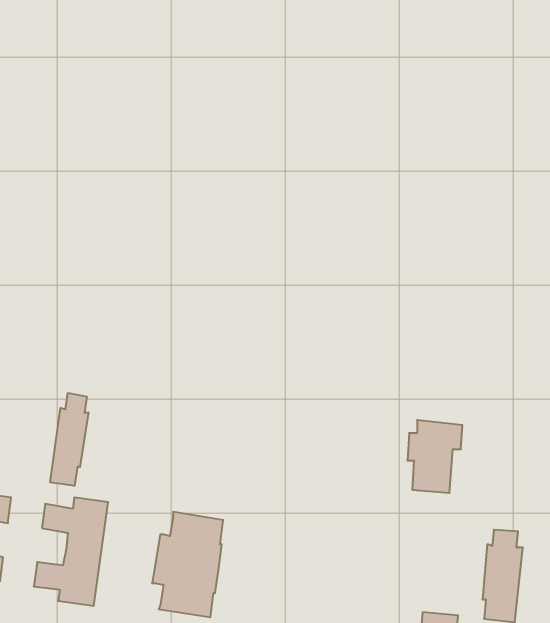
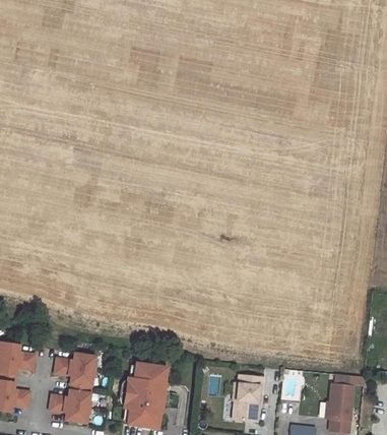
building: [50,393,88,486] -> none
building: [407,420,462,493] -> [231,375,265,421]

